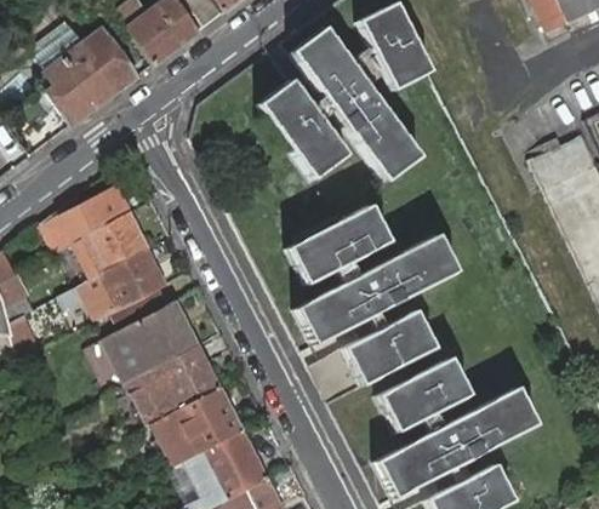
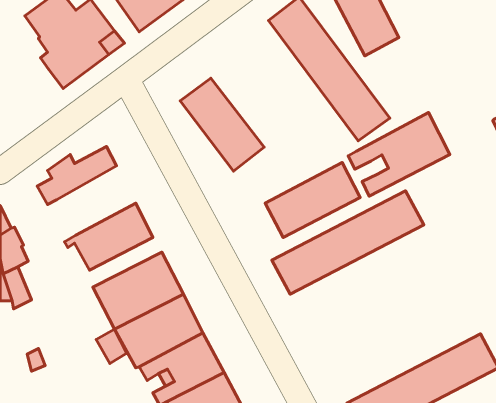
building: [259,80,349,179] -> [180,78,264,171]
building: none -> [348,112,450,196]
building: [75,212,150,282] -> none
building: [344,311,437,387] -> none
building: [378,358,470,433] -> none

